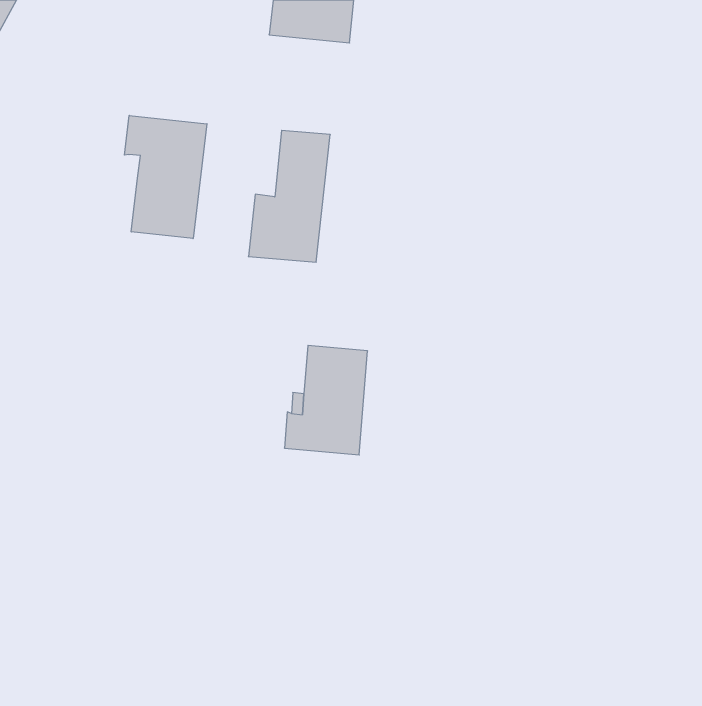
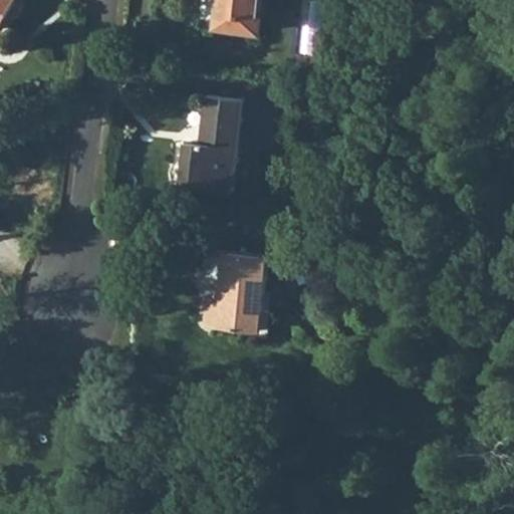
building: [124,115,207,239] -> none

